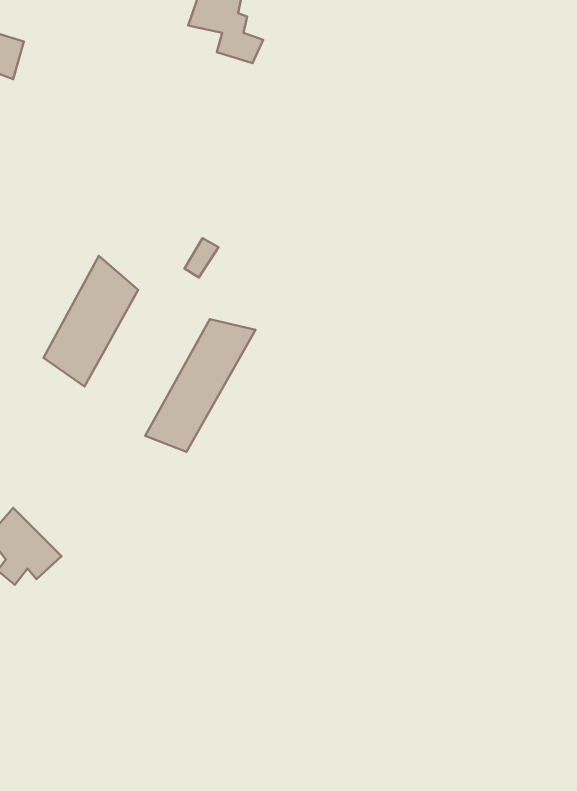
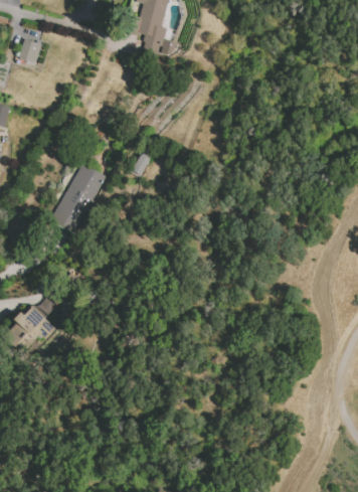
building: [145,319,255,452] -> none

